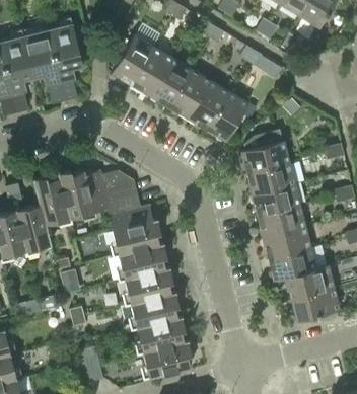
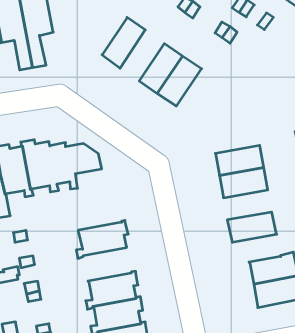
building: [112,35,154,84] -> none
building: [150,58,192,107] -> none
building: [207,92,248,142] -> none
building: [241,130,290,173] -> none
building: [109,194,161,258] -> none
building: [258,206,305,237] -> none
building: [269,248,316,281] -> none
building: [124,267,173,307] -> none

